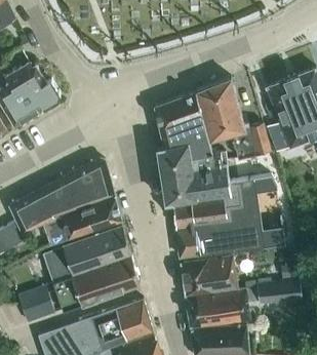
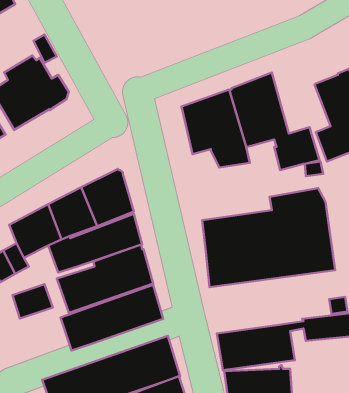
building: [162,144,230,202] -> none
building: [180,257,236,297] -> none
building: [21,294,54,323] -> [13,284,53,318]

